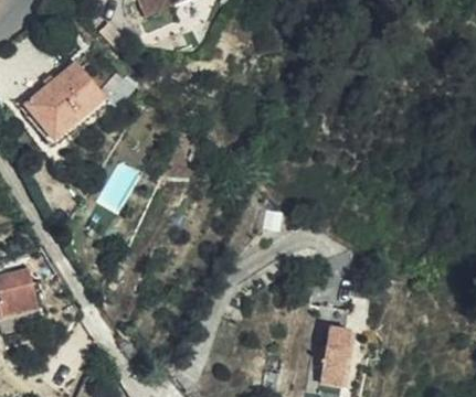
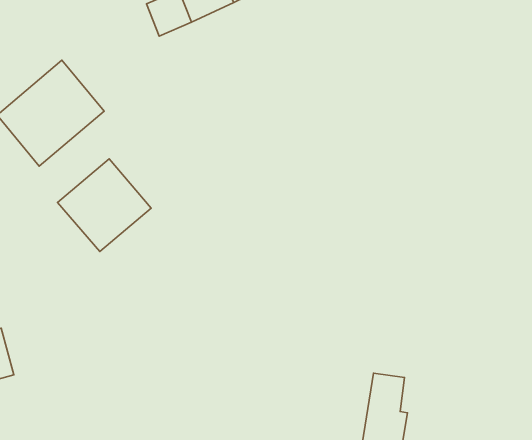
building: none -> [58,159,151,252]

